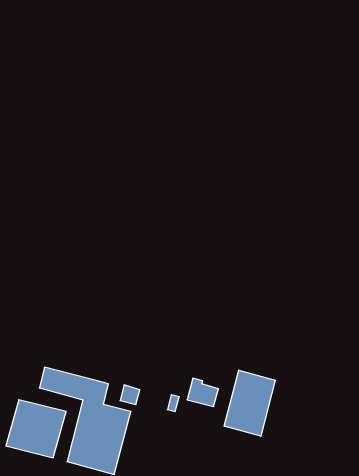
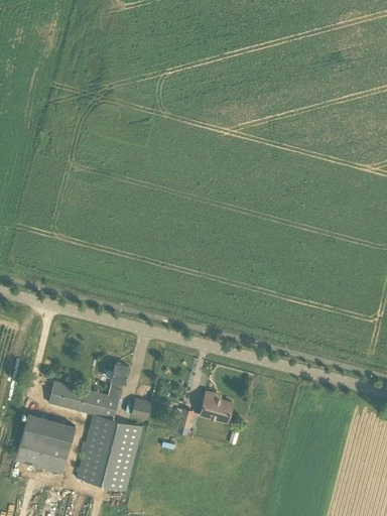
building: none -> [107,363,128,398]
building: [224,370,275,436] -> none

